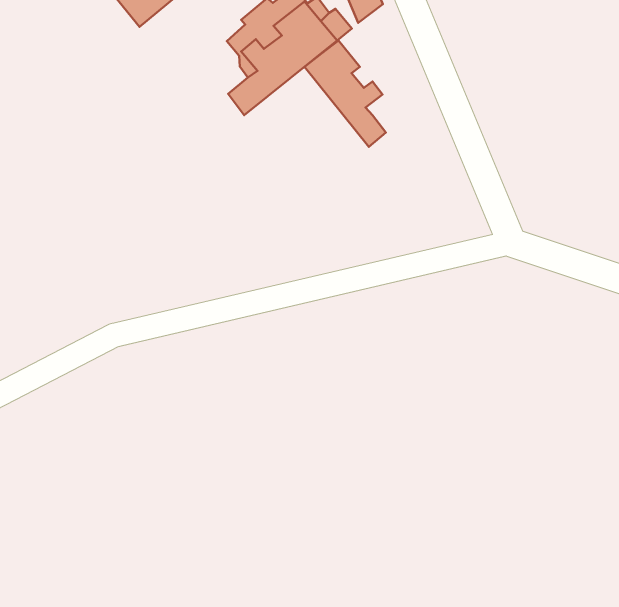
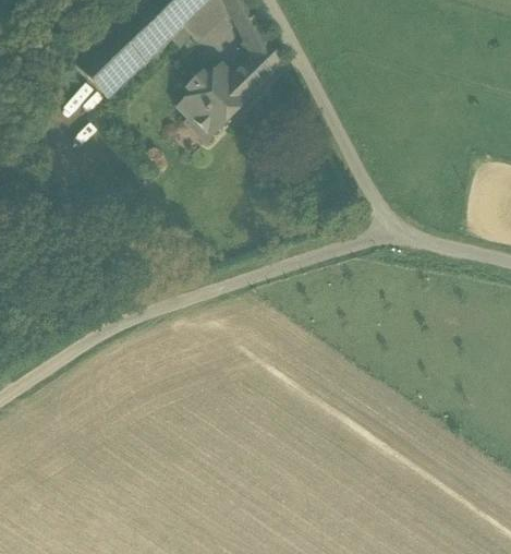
building: [305,40,386,147] -> none

